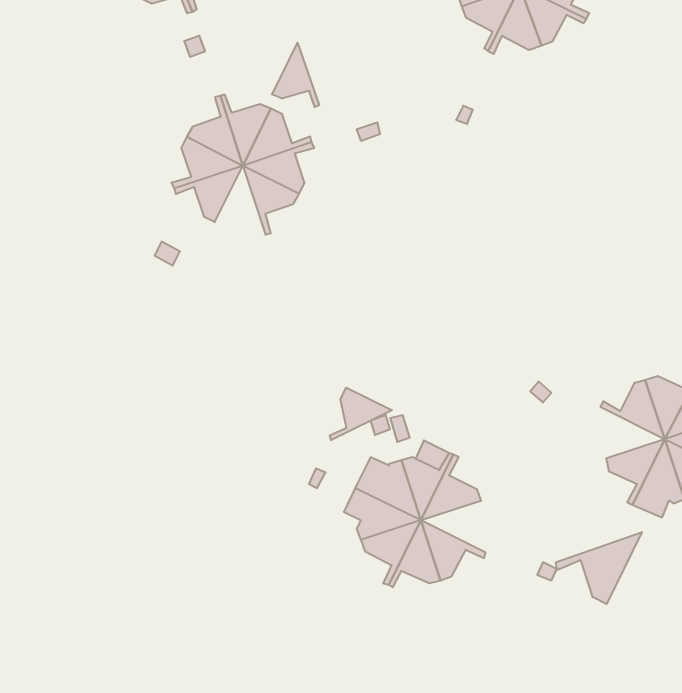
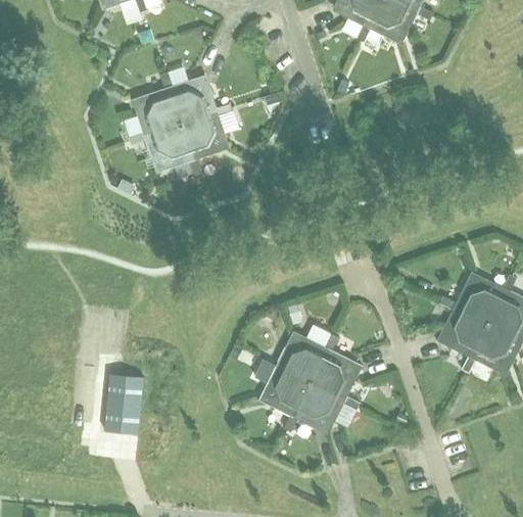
building: [272,43,319,107] -> none
building: none -> [160,124,197,175]
building: [330,388,392,440] -> none
building: none -> [439,299,488,337]
building: none -> [311,368,360,406]
building: none -> [104,374,142,434]
building: [556,532,642,604] -> none

